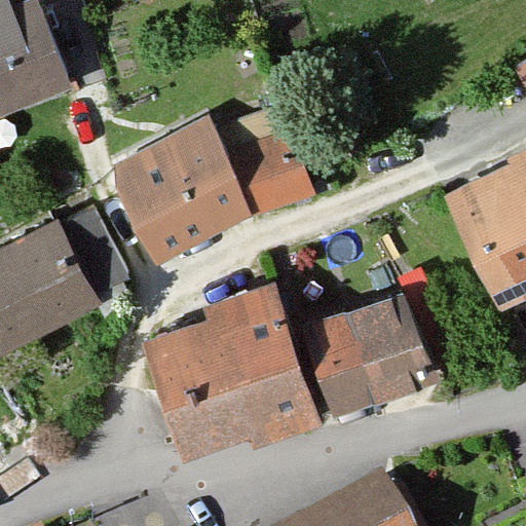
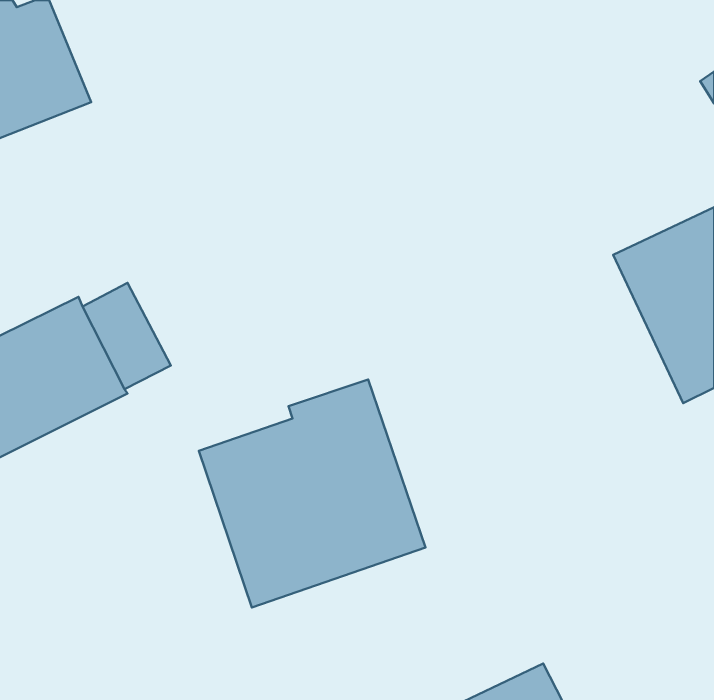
building: [116,112,310,258] -> none
building: [306,299,426,409] -> none

